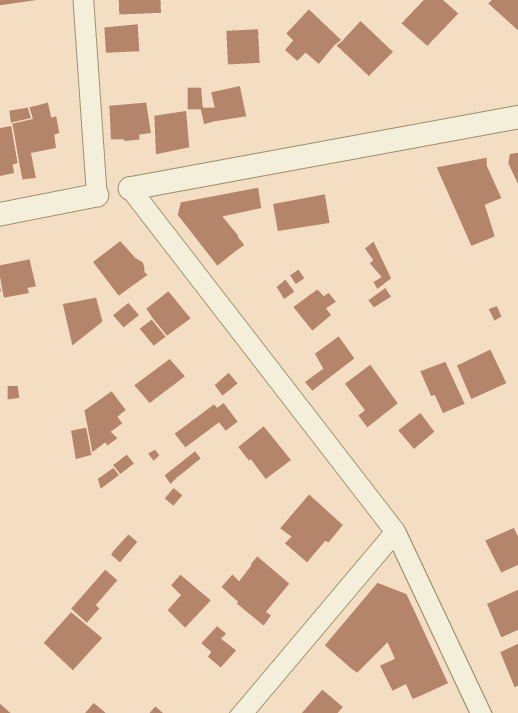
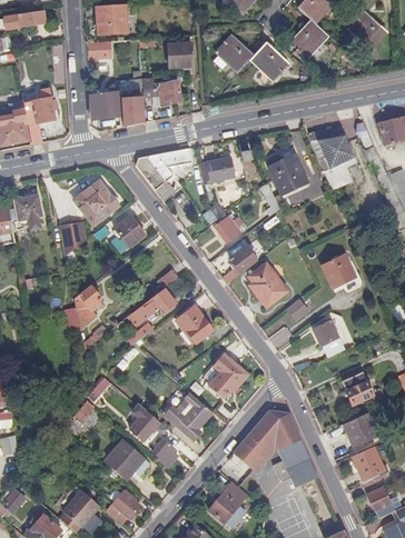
building: none -> [269,153,309,195]
building: [133,358,186,404] -> none
building: [419,361,466,414] -> [314,321,345,357]
building: [43,611,103,671] -> [105,440,145,480]

